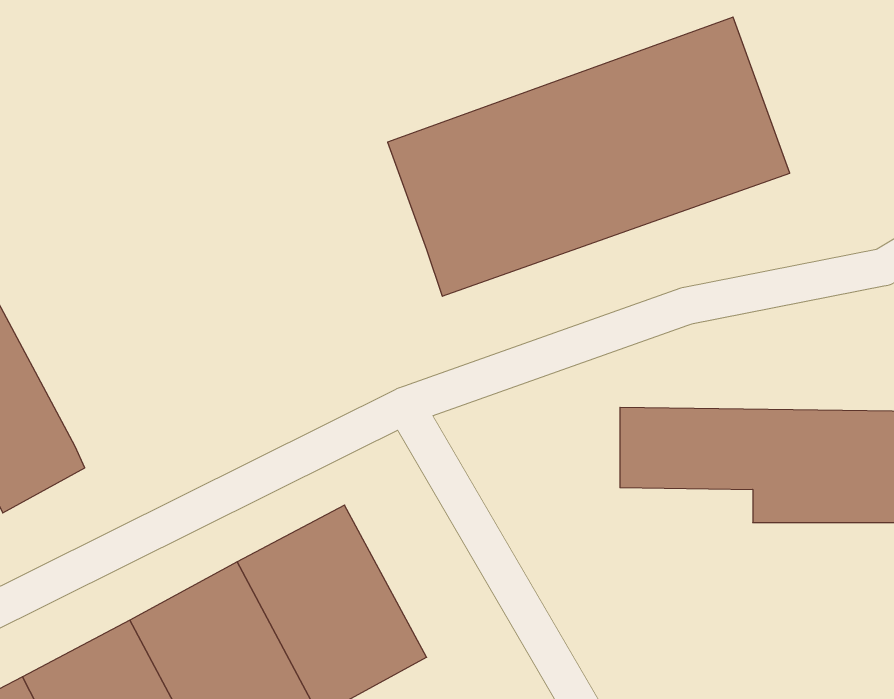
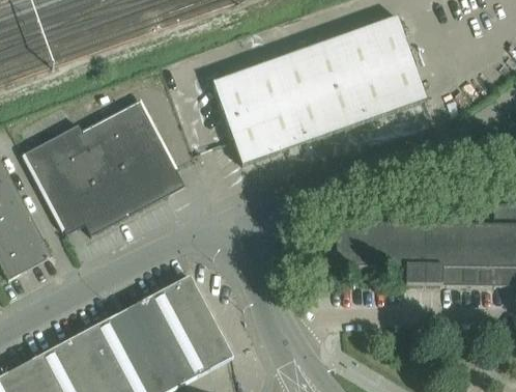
building: none -> [24,101,184,234]

